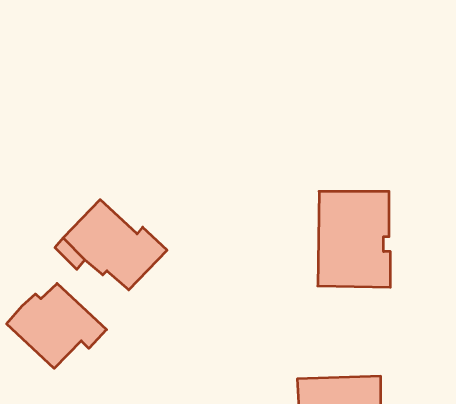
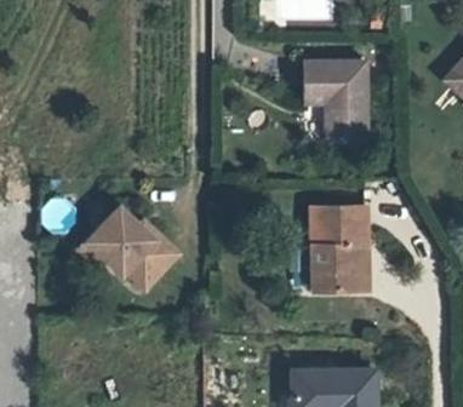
building: none -> [302,61,364,138]
building: [7,283,107,368] -> none

